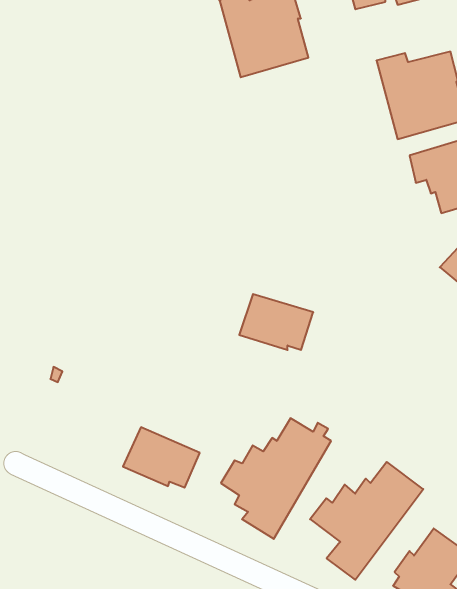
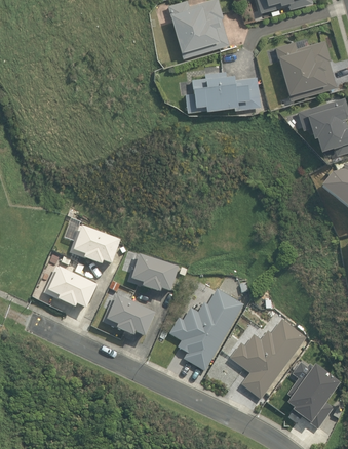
building: none -> [185,71,260,111]
building: [239,294,313,350] -> [127,254,178,292]
building: none -> [71,226,120,264]
building: none -> [45,267,96,309]

